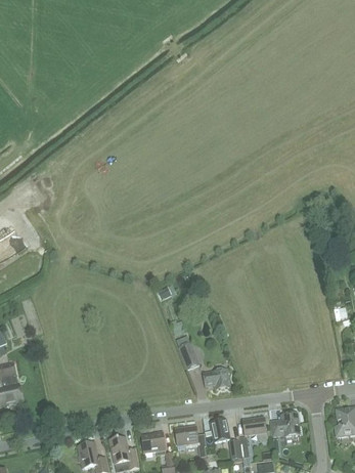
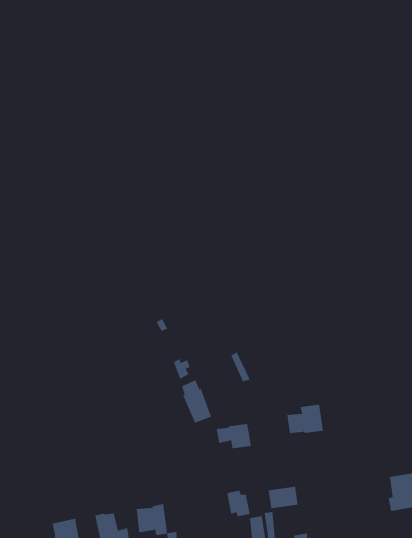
building: [271,412,300,434] -> [286,404,324,433]
building: [175,425,198,445] -> none

